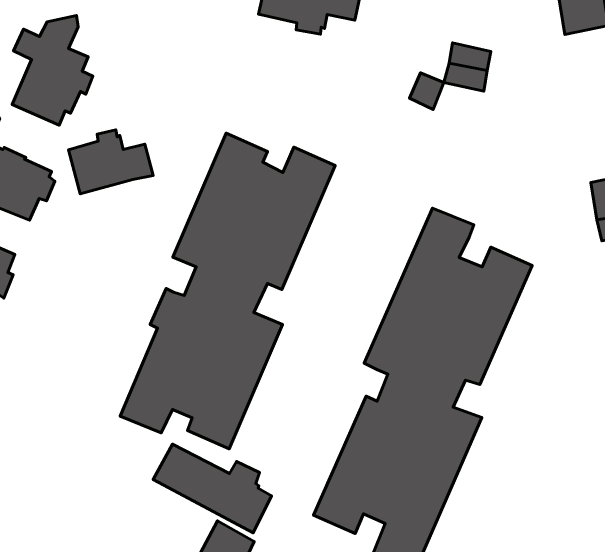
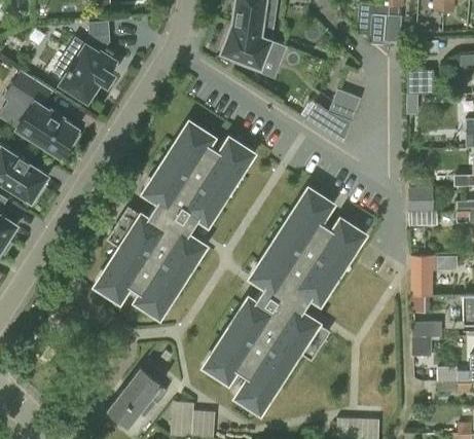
building: [68,130,153,194] -> none
building: [153,444,272,533] -> none

